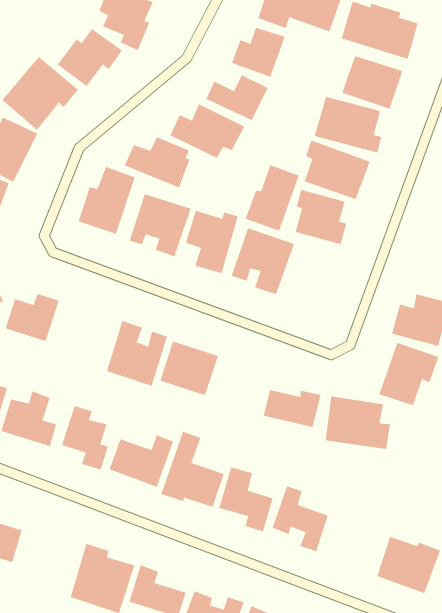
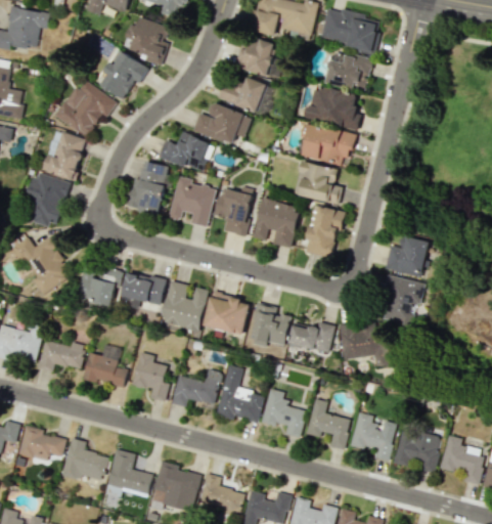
building: [245,165,300,231] -> [304,206,344,258]
building: none -> [120,271,167,308]
building: none -> [251,303,290,347]
building: none -> [351,411,396,460]
building: none -> [105,449,152,496]

